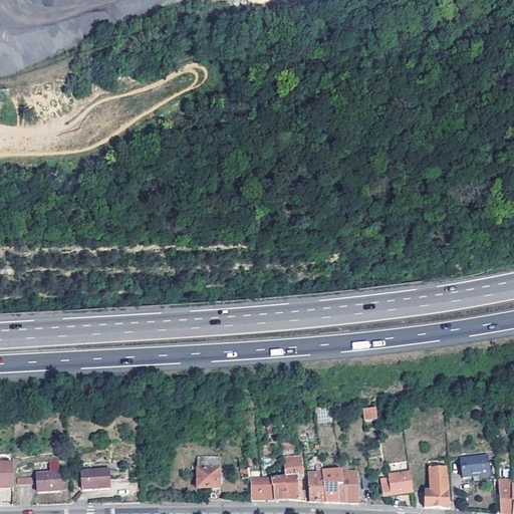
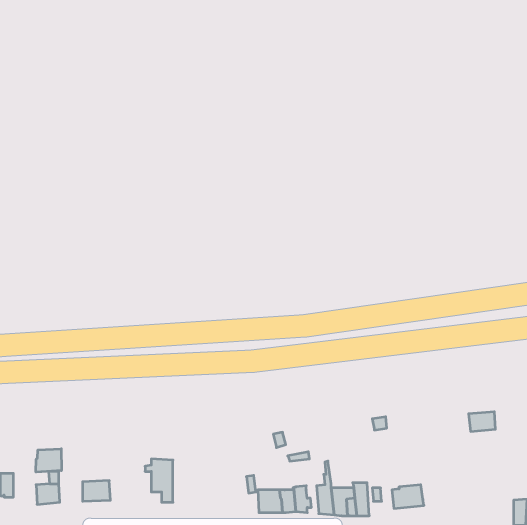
building: none -> [36,449,61,472]
building: [283,453,304,475] -> none
building: [192,456,219,498] -> [145,459,173,502]
building: [464,458,490,477] -> [469,412,495,431]
building: [425,468,451,507] -> none

